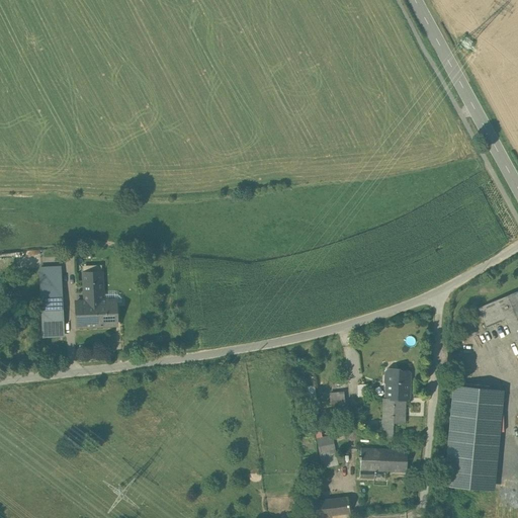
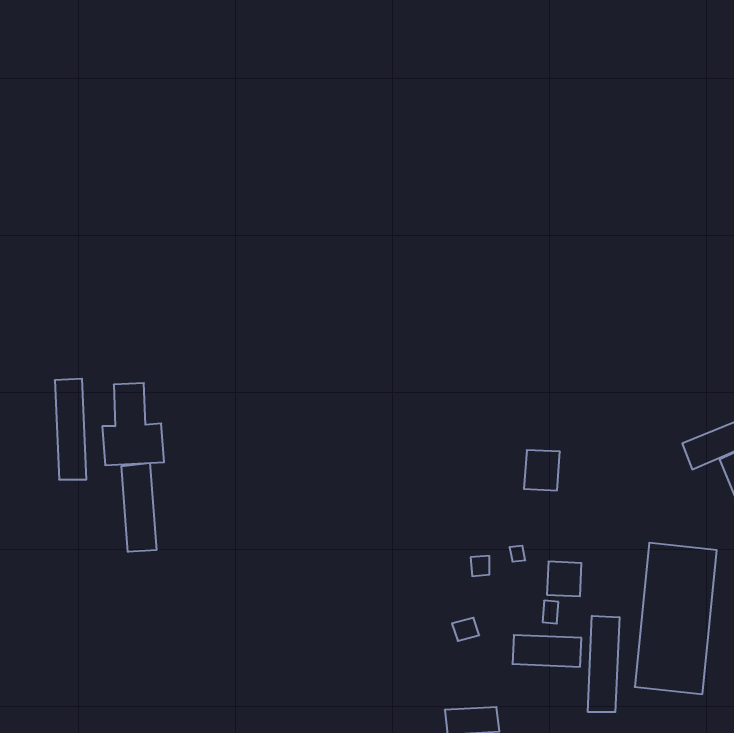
building: none -> [122,463,156,552]
building: [386,369,412,398] -> [524,450,560,490]
building: none -> [588,616,619,712]

